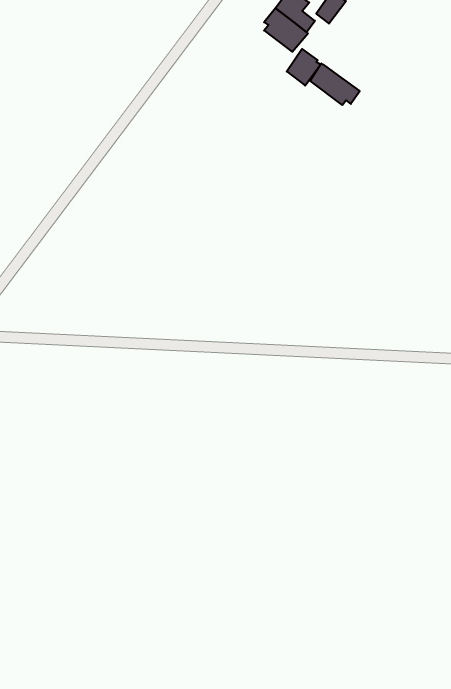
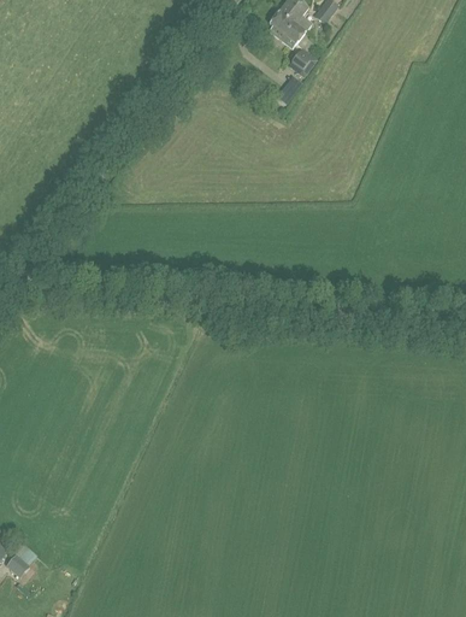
building: [310,63,360,105] -> none

